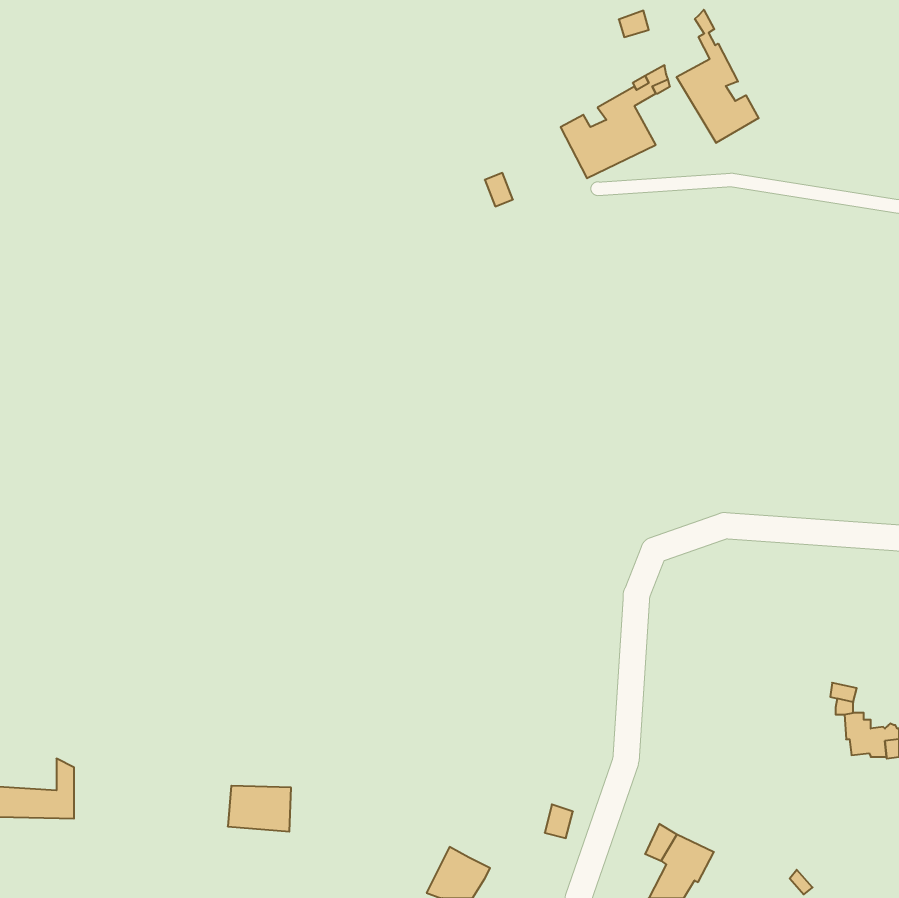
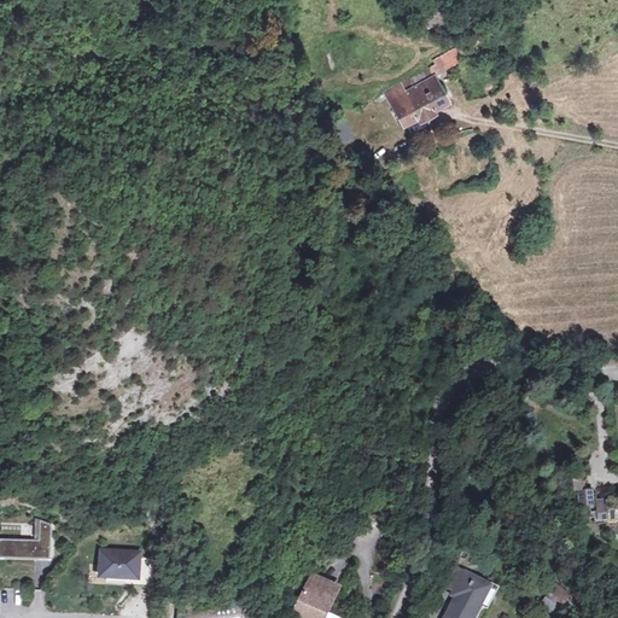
building: [677,10,759,143] -> none
building: [228,786,291,832] -> [98,550,141,582]

